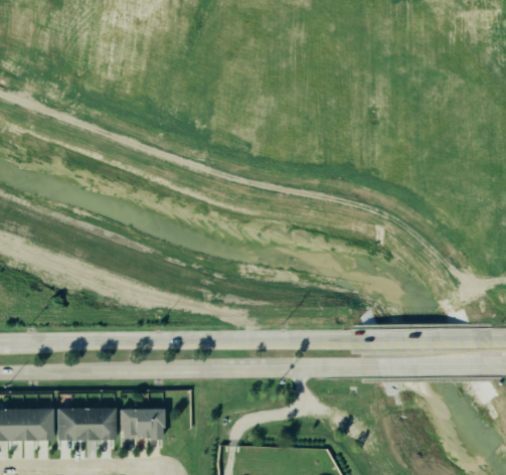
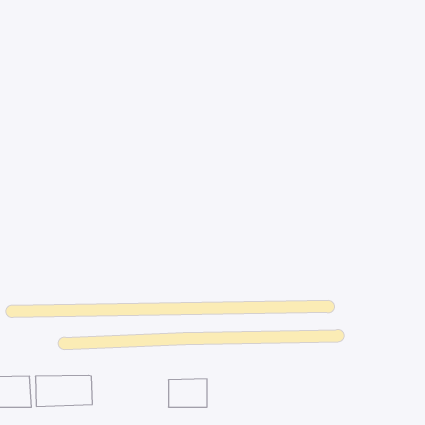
building: [122,409,162,438] -> [168,379,207,407]

